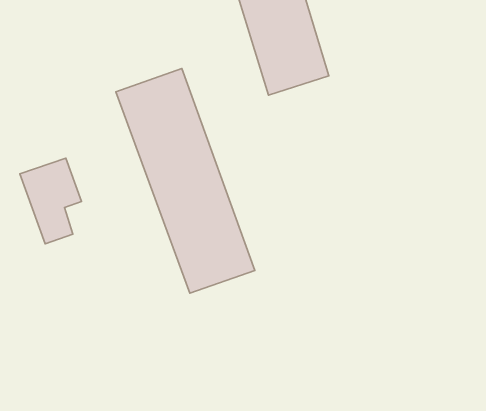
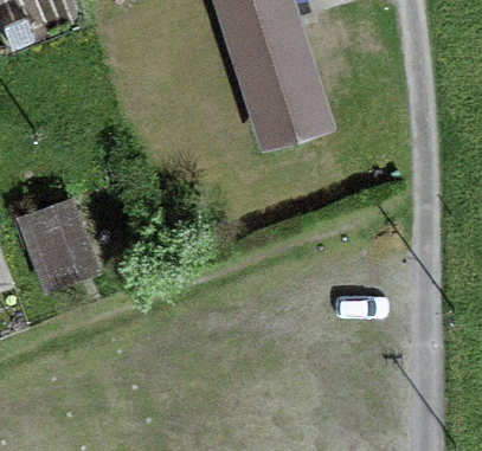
building: [116,68,255,293] -> none

